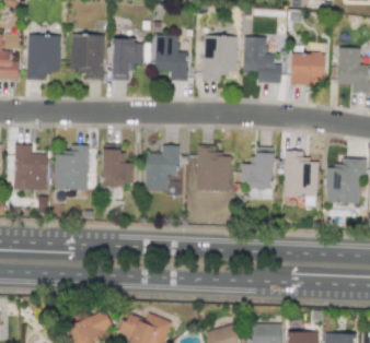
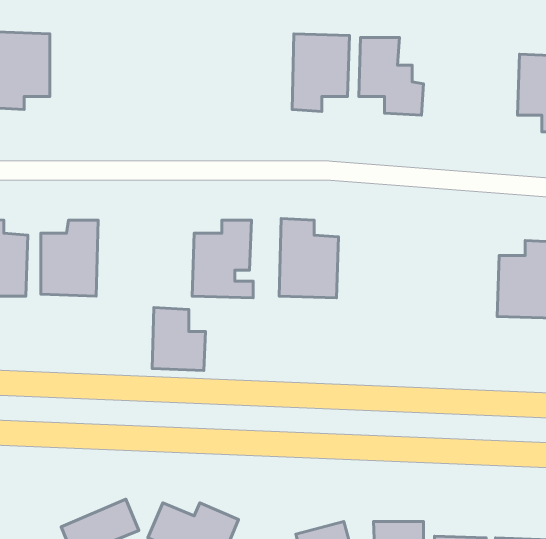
building: [71,34,104,79] -> none
building: [155,35,188,80] -> none
building: [112,39,144,81] -> none
building: [291,52,325,84] -> none
building: [102,149,134,186] -> [152,308,206,370]
building: [284,151,317,197] -> none
building: [241,152,273,199] -> none

